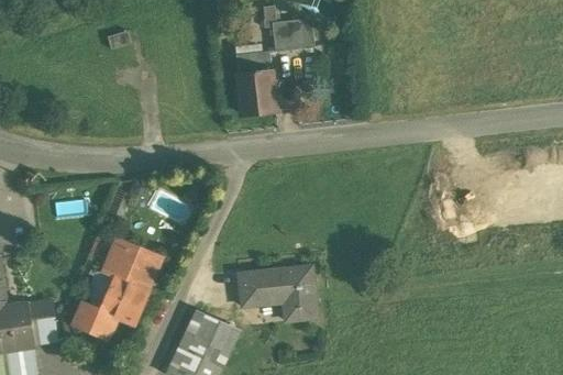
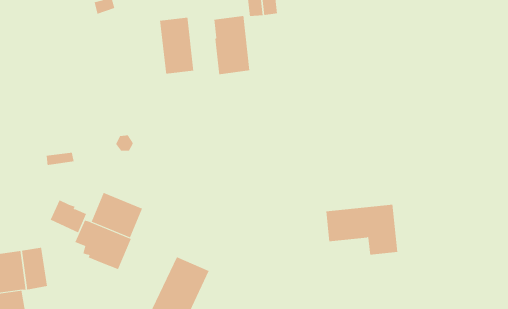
building: none -> [160,17,194,74]
building: [239,265,317,320] -> [326,204,398,255]
building: [75,300,114,337] -> [50,199,87,233]

